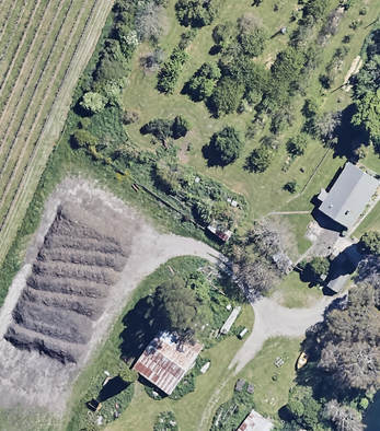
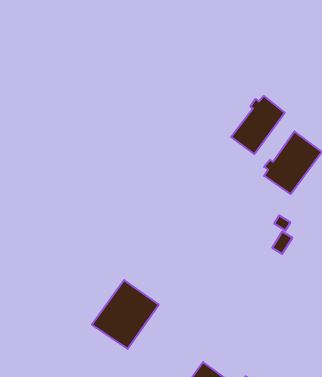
building: none -> [231,96,285,154]

